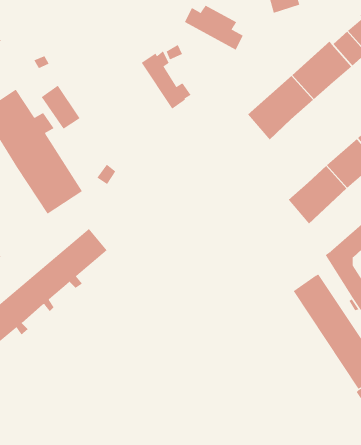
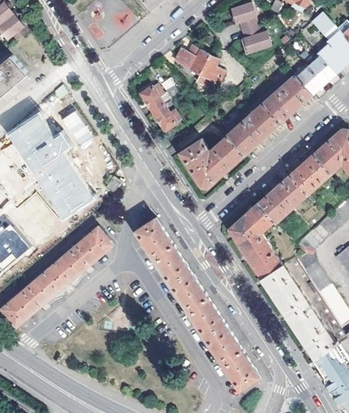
building: none -> [179,134,244,187]
building: none -> [230,203,282,277]
building: none -> [135,217,259,389]

